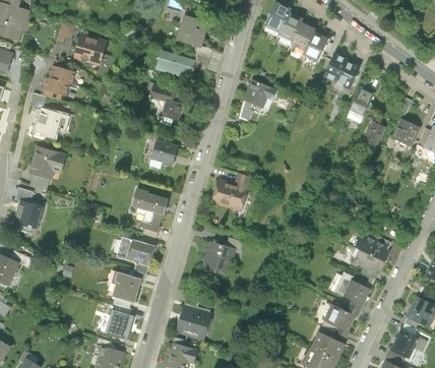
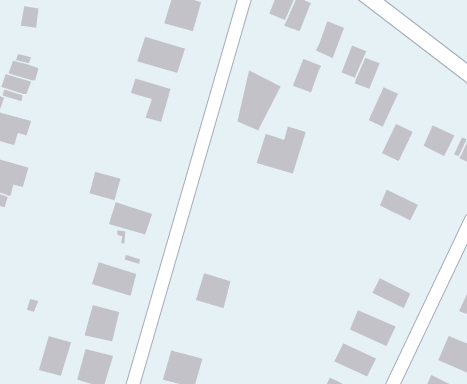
building: [290,24,315,54] -> [292,58,322,94]
building: [72,33,108,66] -> none
building: [151,138,179,164] -> [88,171,121,201]
building: [208,171,251,211] -> [255,125,307,174]
building: [357,234,390,261] -> [379,189,419,222]
building: none -> [38,335,72,377]

